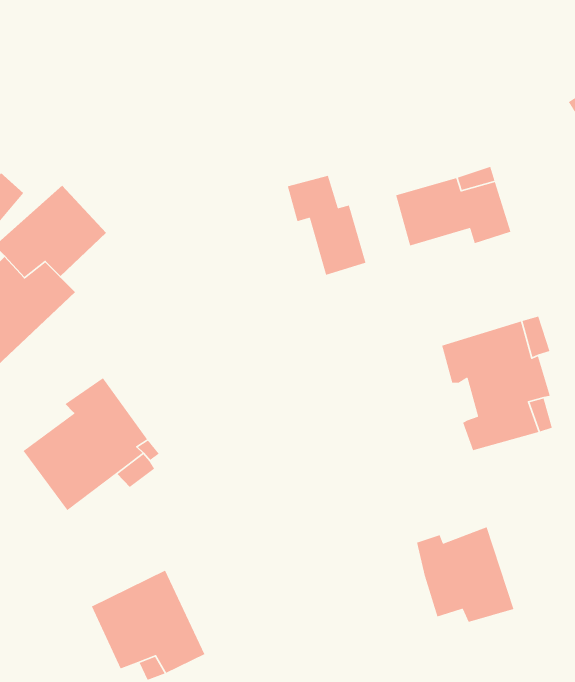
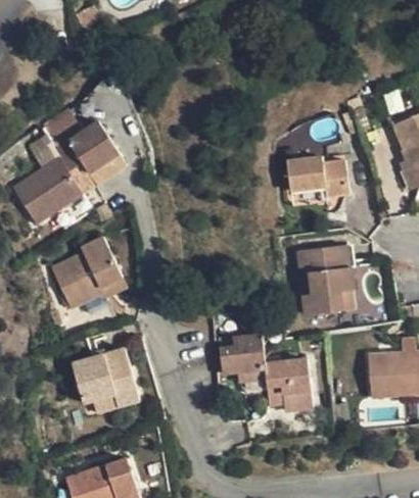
building: [287,175,367,276] -> none
building: none -> [219,334,266,383]

